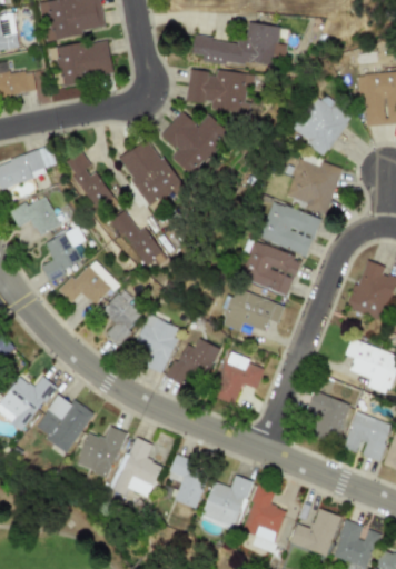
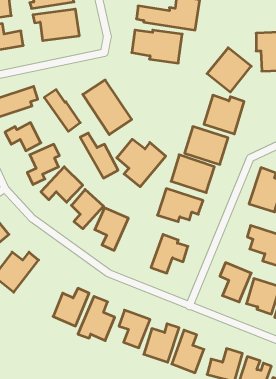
building: [161,110,229,176] -> [117,139,166,187]
building: [166,339,220,386] -> none
building: [33,395,95,452] -> none

